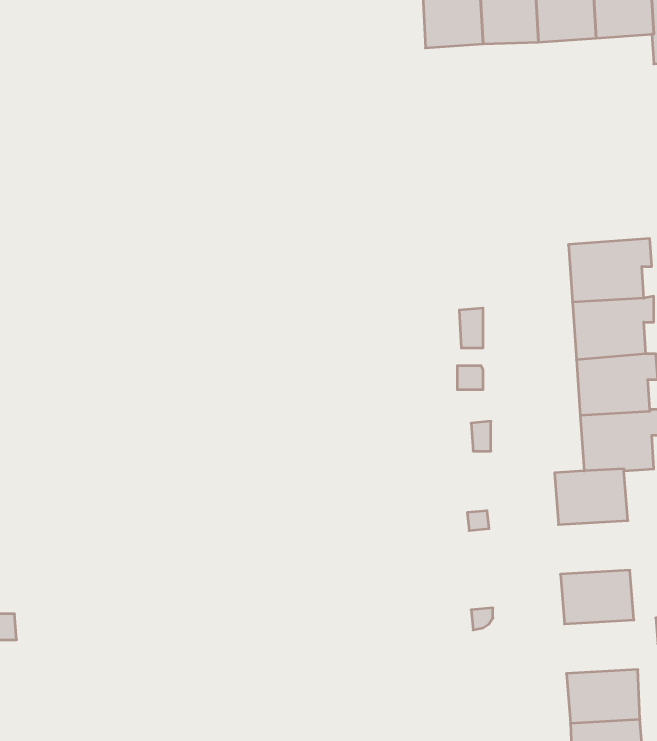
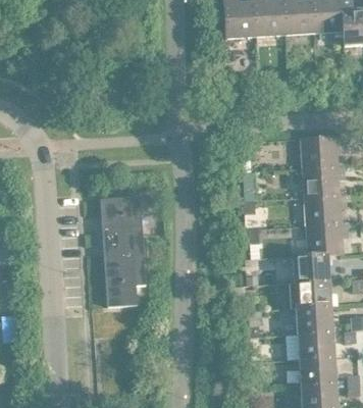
building: none -> [101,196,147,307]
building: none -> [290,280,331,308]
building: none -> [298,332,335,359]

